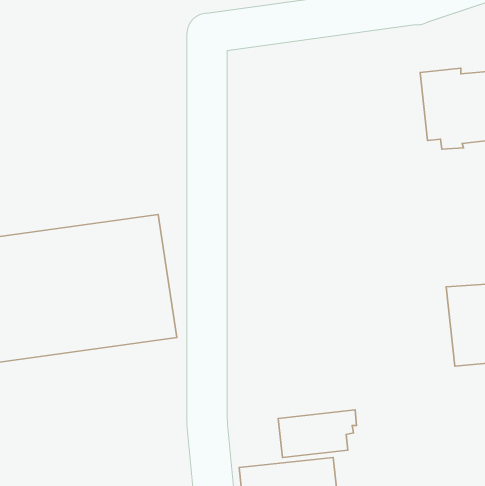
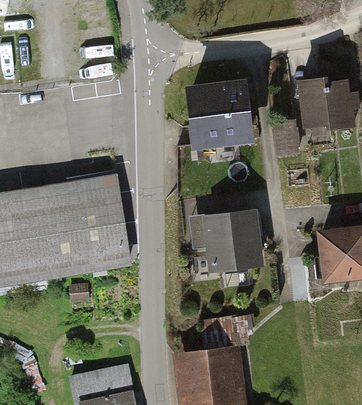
building: none -> [185,78,253,152]
building: none -> [191,210,263,272]

